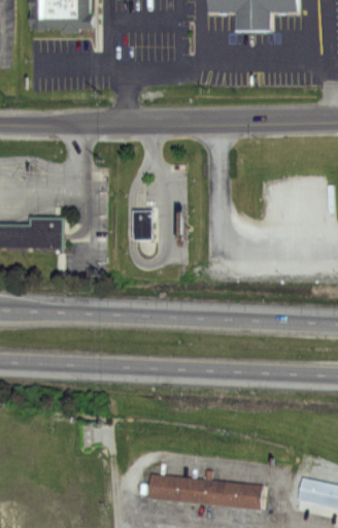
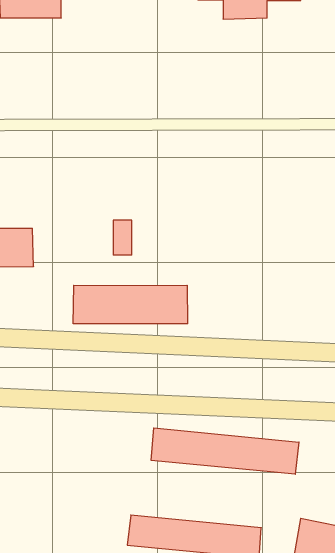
building: none -> [73,285,188,324]
building: none -> [151,428,299,474]

